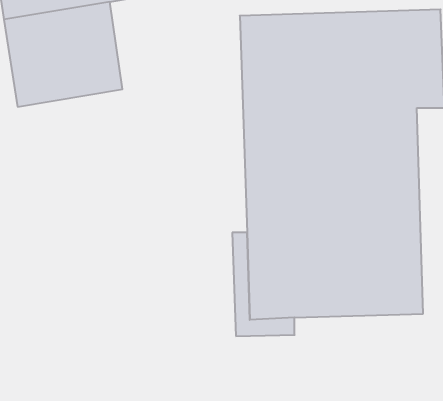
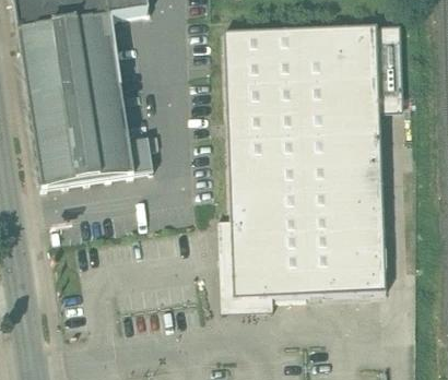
building: none -> [31,94,154,187]

